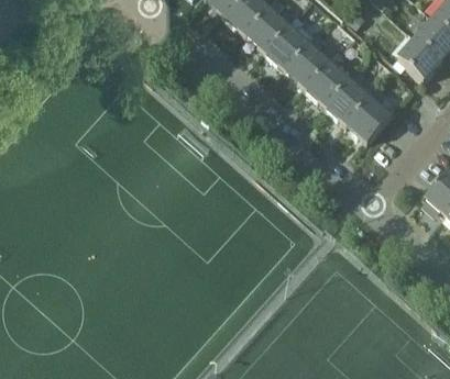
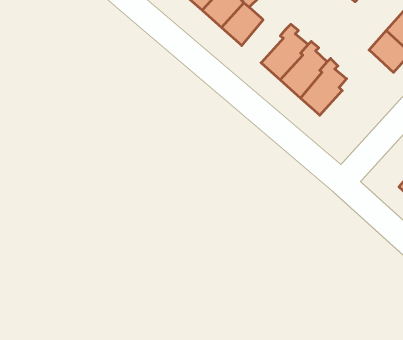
building: [264,14,309,71] -> none
building: [344,85,388,144] -> none

